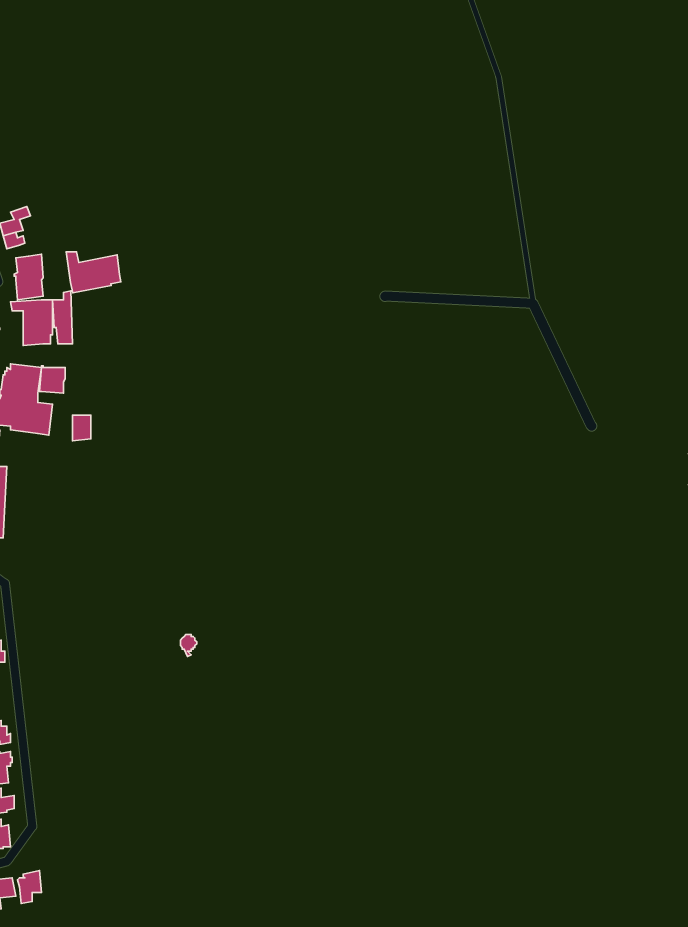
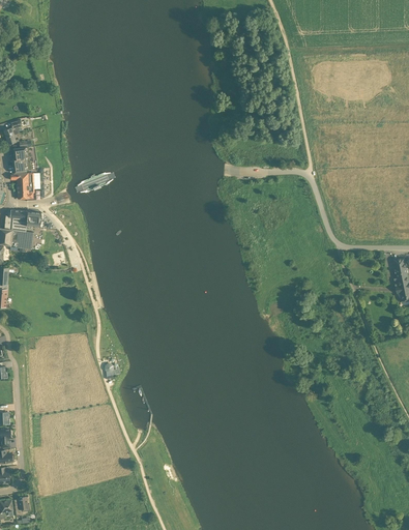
building: [66,252,121,293] -> none

